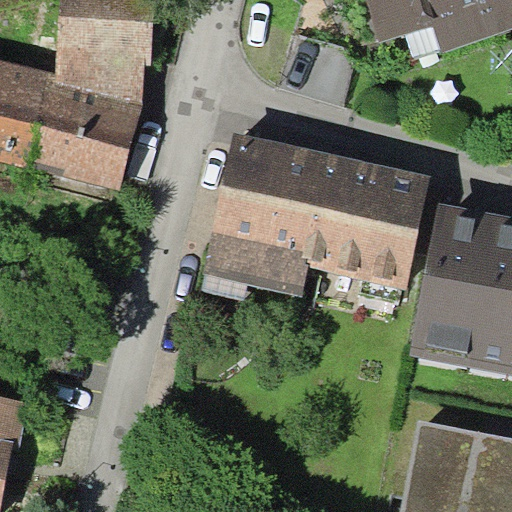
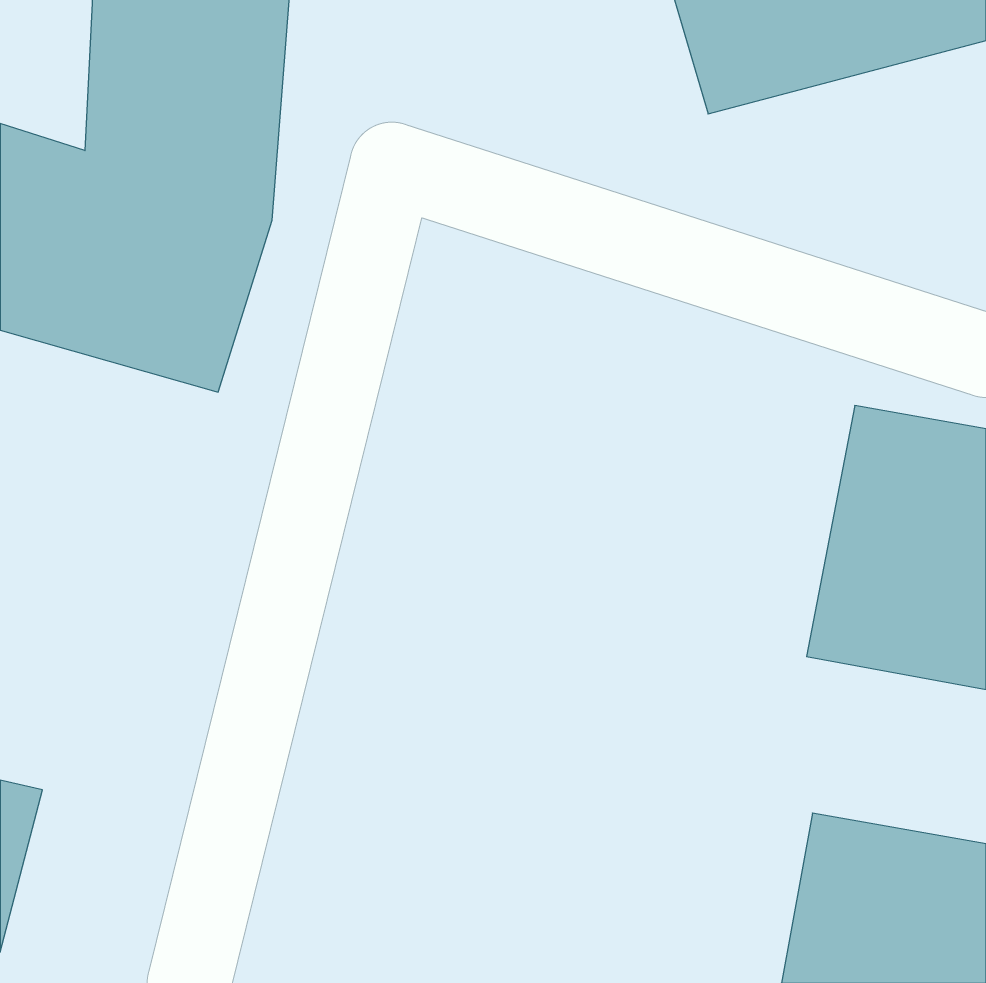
building: [209,140,420,282] -> none

